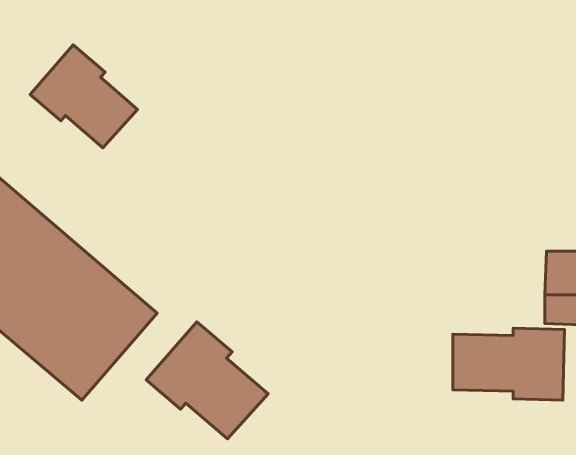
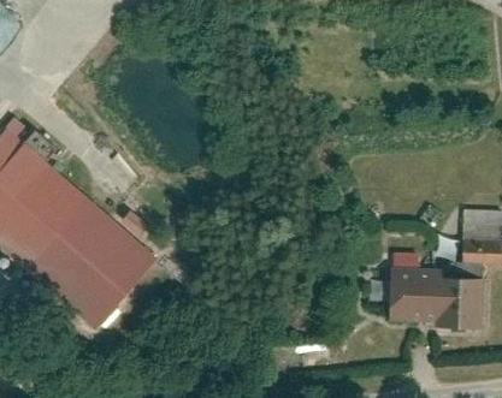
building: [30,45,138,148] -> none
building: [146,322,268,439] -> none

